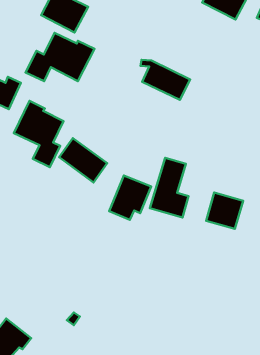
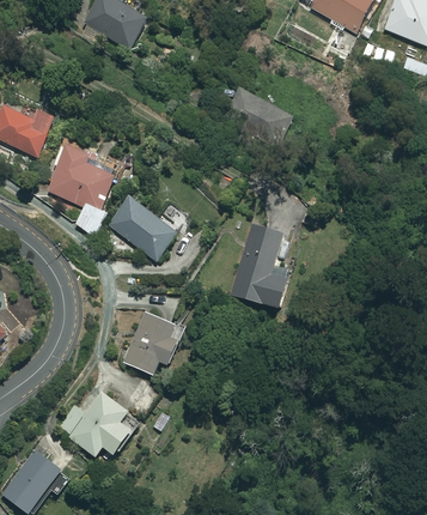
building: [26,33,94,81] -> none
building: [109,175,151,220] -> [124,313,183,375]
building: [206,193,243,229] -> none
building: none -> [60,389,133,456]

